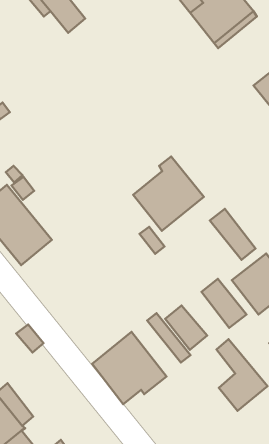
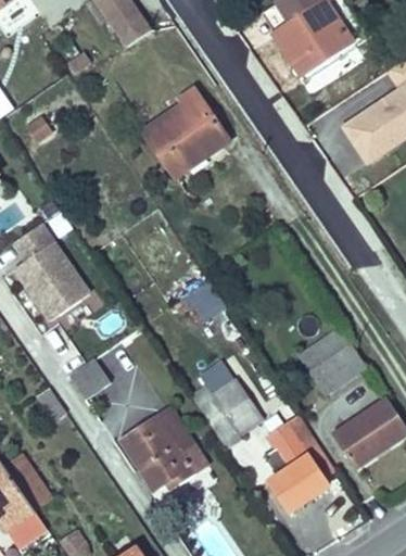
building: [133,157,204,231] -> [144,89,228,176]
building: [210,209,255,260] -> none
building: [202,279,247,328] -> none
building: none -> [67,357,110,399]

